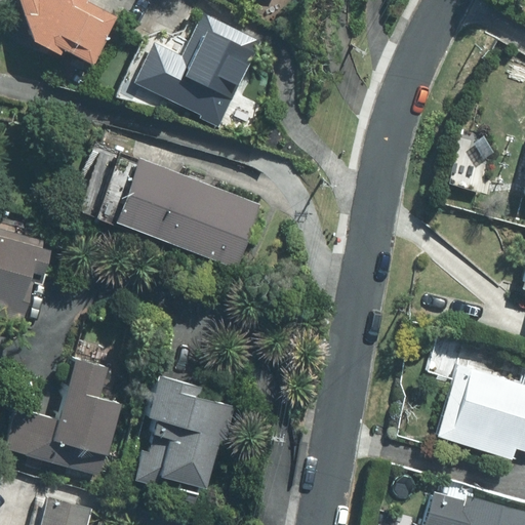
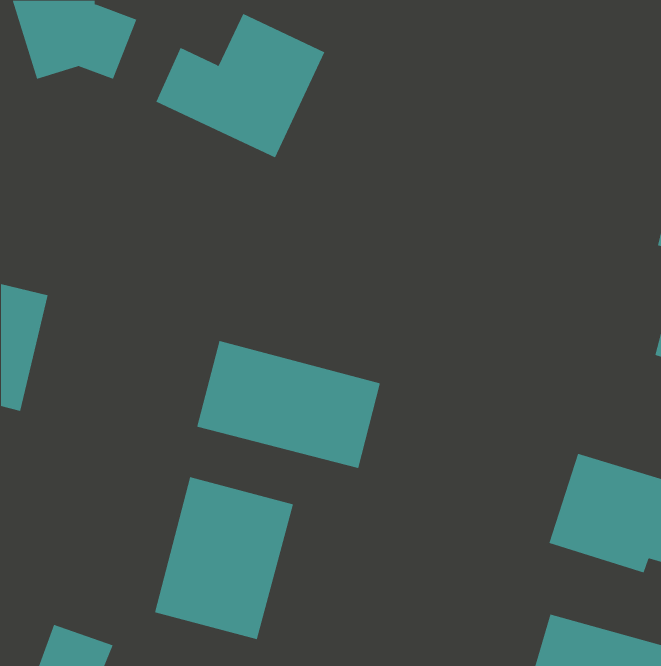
building: [79,148,265,272] -> none
building: none -> [196,340,381,469]
building: [9,356,132,479] -> none

